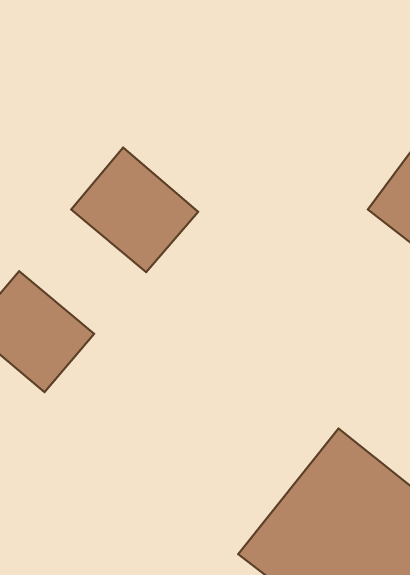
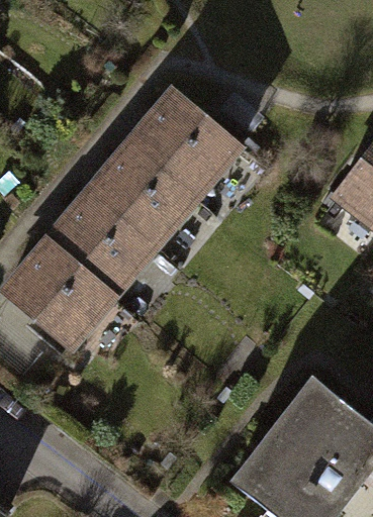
building: none -> [131,93,237,196]
building: none -> [44,194,151,298]

